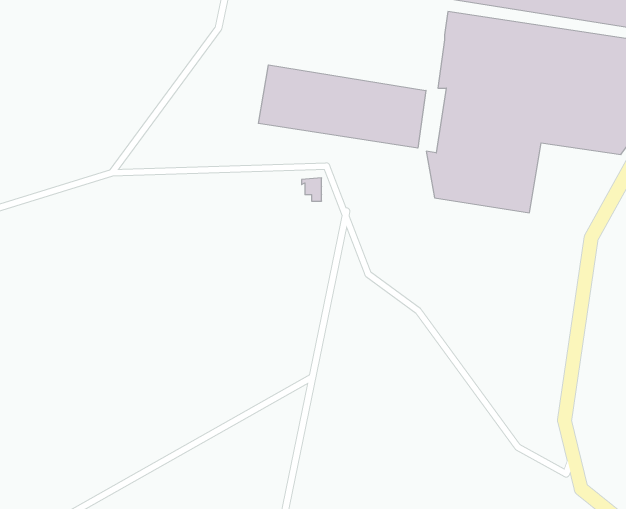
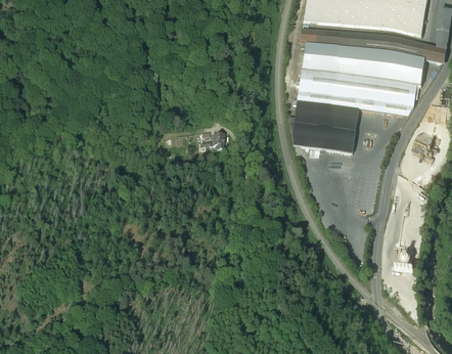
building: [258,65,426,148] -> none

